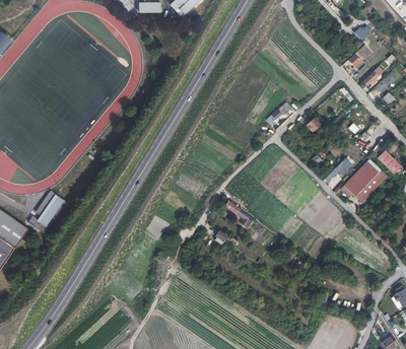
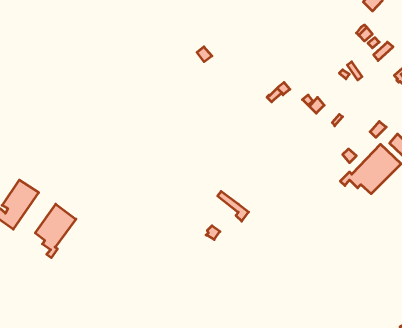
building: none -> [35,204,76,258]

